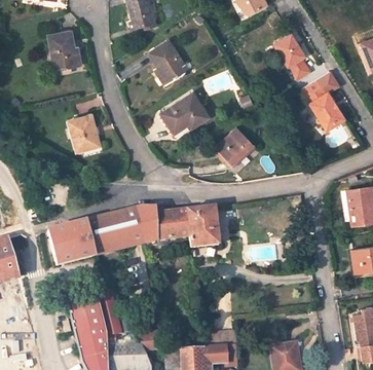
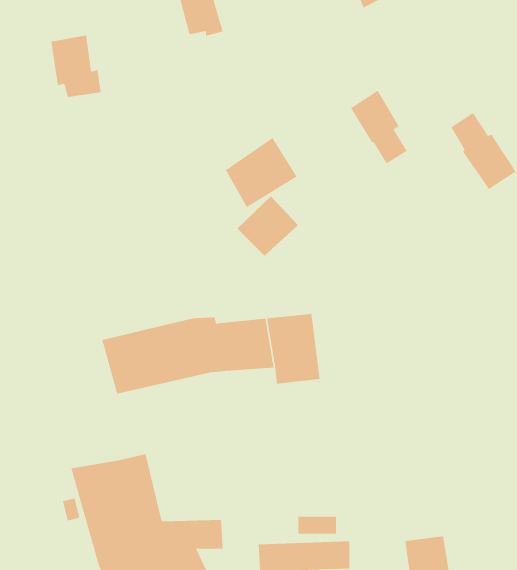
building: [272,34,308,80] -> [350,90,408,164]
building: [152,43,186,88] -> none
building: [72,115,101,151] -> none
building: [215,127,254,165] -> [236,195,299,256]
building: [45,221,94,263] -> none

